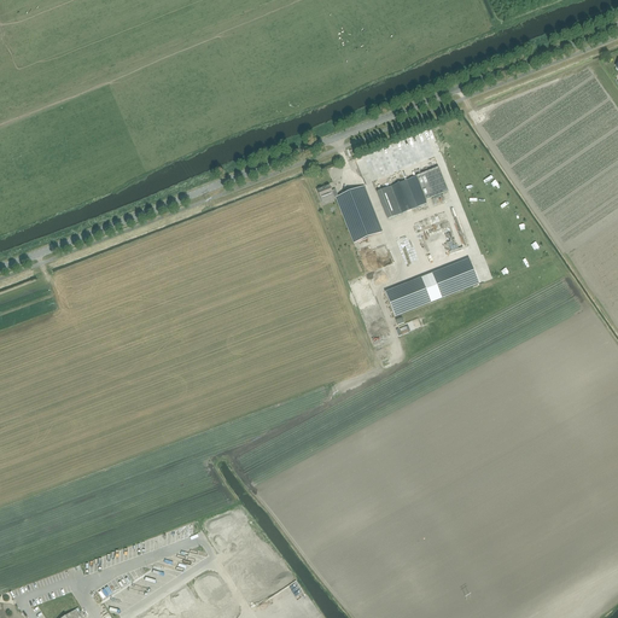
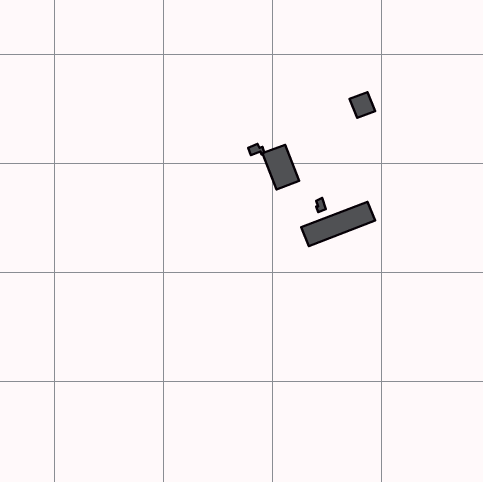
building: [415,165,448,198] -> [350,92,375,118]
building: [375,179,416,217] -> none

